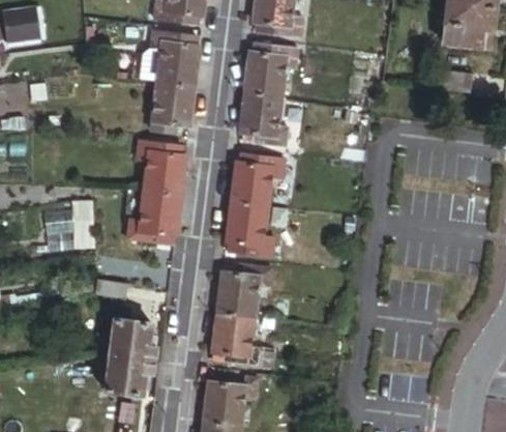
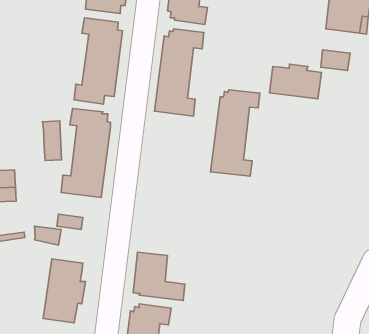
building: none -> [269,64,321,99]
building: [225,152,284,256] -> [211,90,260,176]
building: [69,201,92,249] -> [43,121,62,161]
building: [217,262,270,314] -> none

